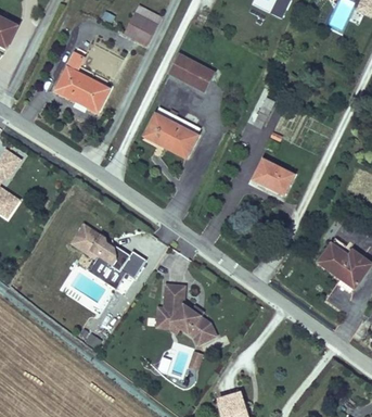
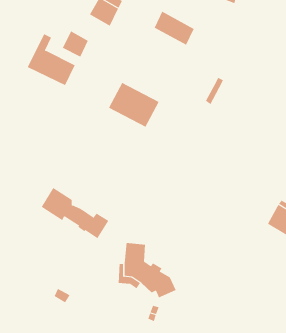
building: none -> [62,31,89,58]
building: [169,53,214,91] -> [154,11,194,46]
building: [253,161,292,195] -> none

